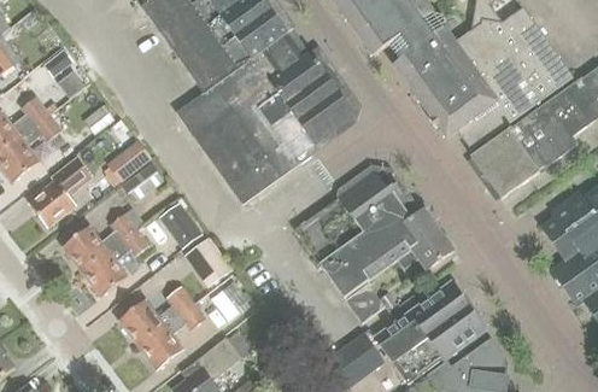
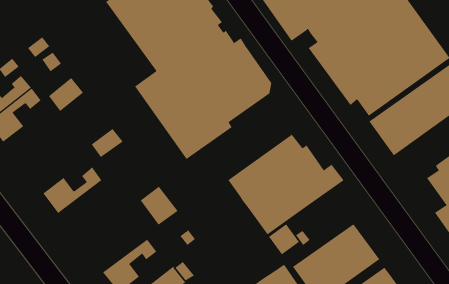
building: [107,140,151,180] -> none
building: [30,157,92,226] -> none
building: [159,201,201,246] -> none
building: [82,228,150,296] -> none
building: [398,228,455,269] -> none
building: [118,285,194,344] -> none

